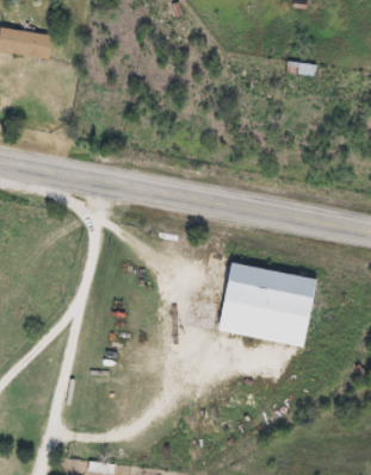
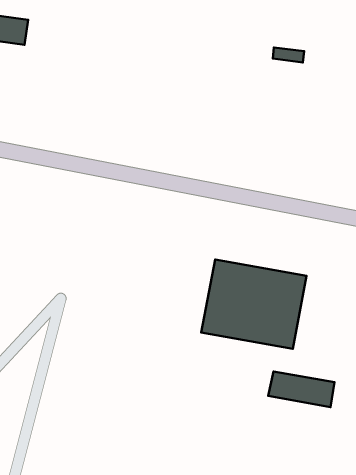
building: none -> [268,371,334,407]

